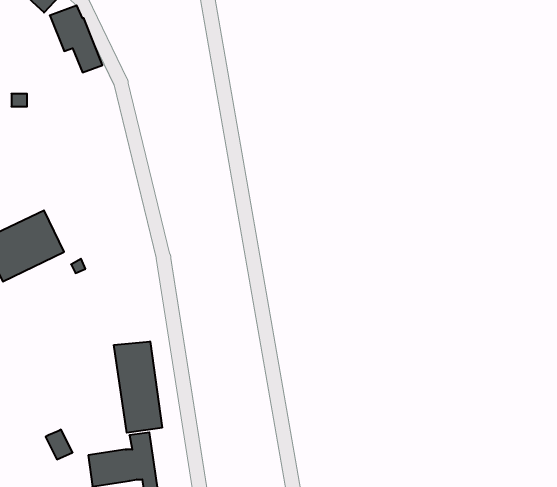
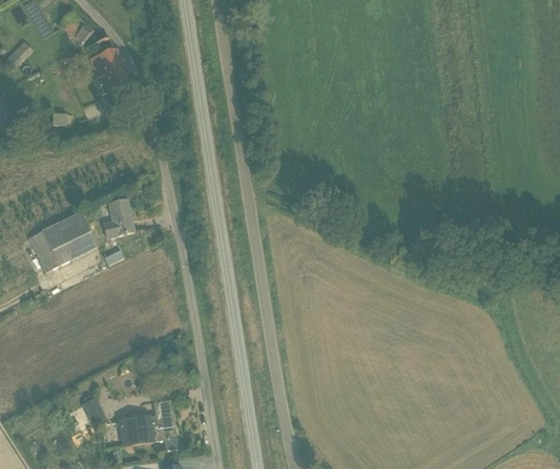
building: none -> [103,198,134,236]
building: [114,341,162,433] -> none

